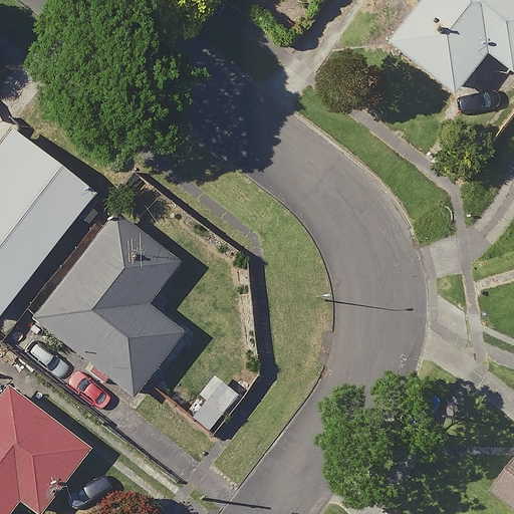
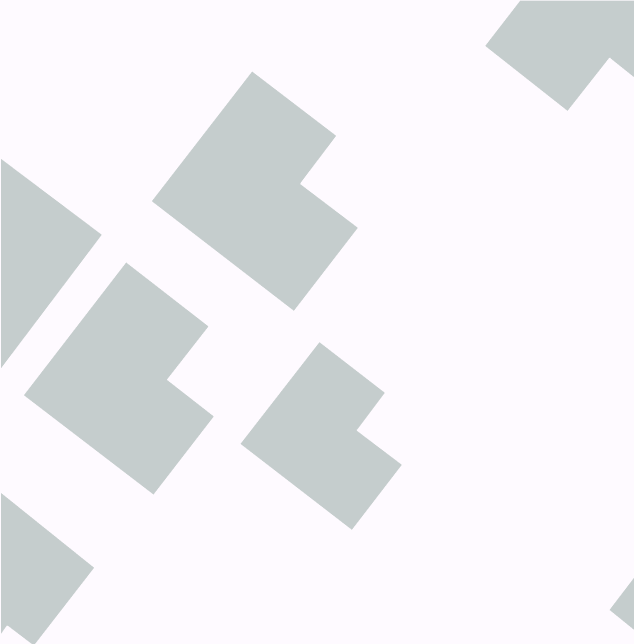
building: none -> [151,70,359,312]
building: none -> [239,341,403,531]

